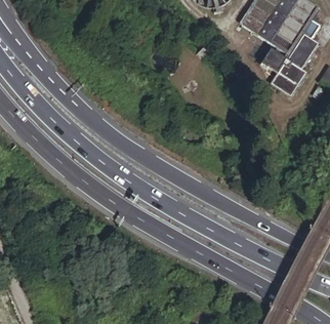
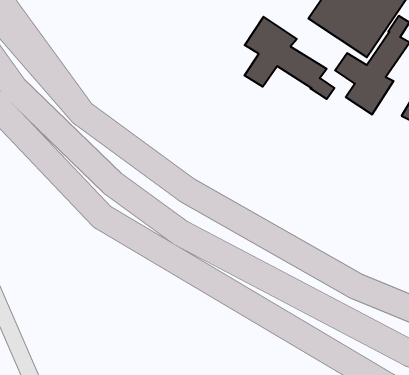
building: none -> [245,17,334,99]

